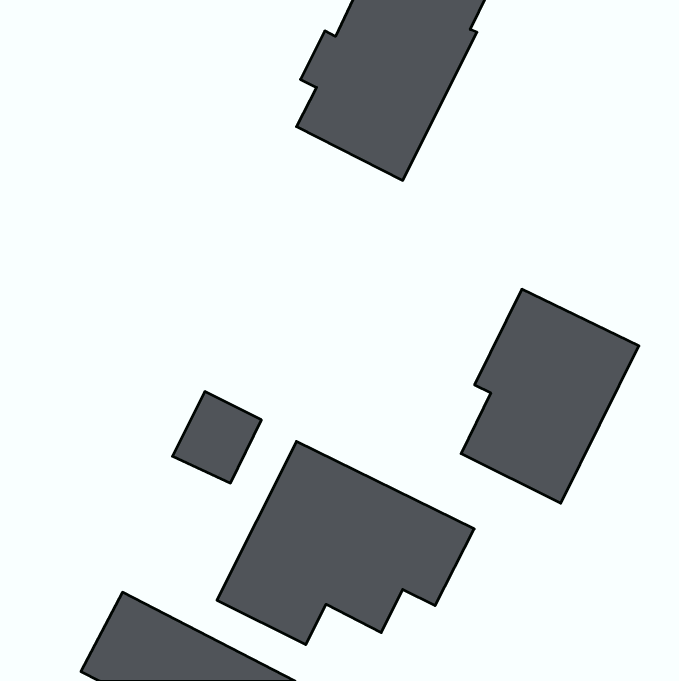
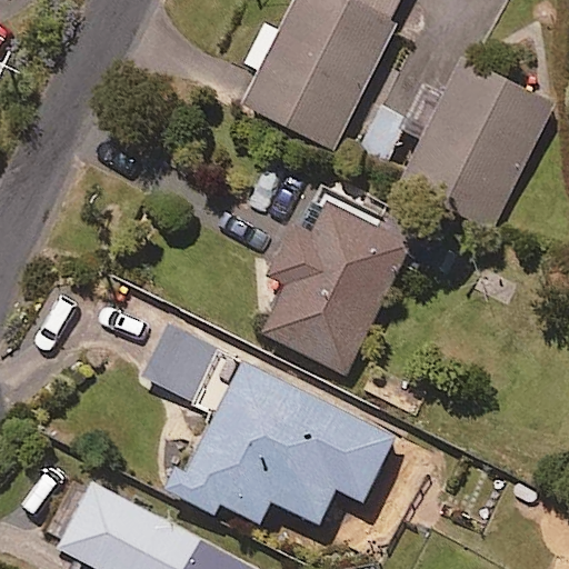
building: none -> [405,62,551,226]
building: [461,289,639,503] -> [263,197,410,373]

